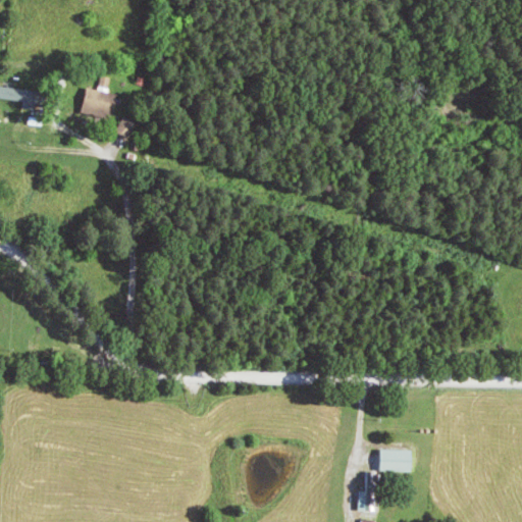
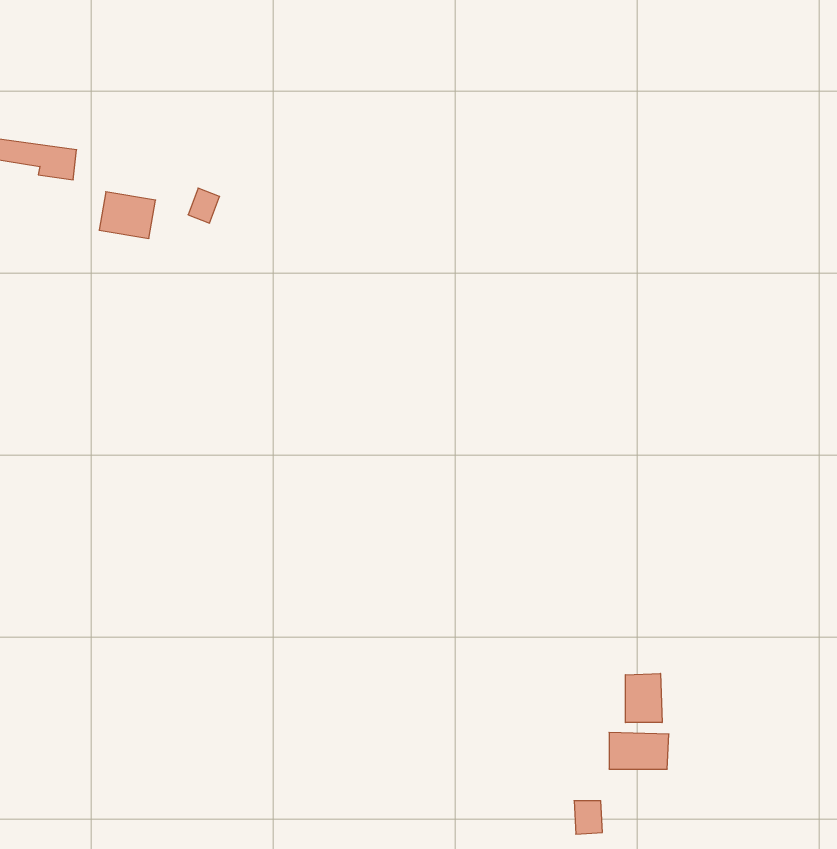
building: [84,89,118,117] -> [99,192,156,238]
building: none -> [625,673,662,723]

